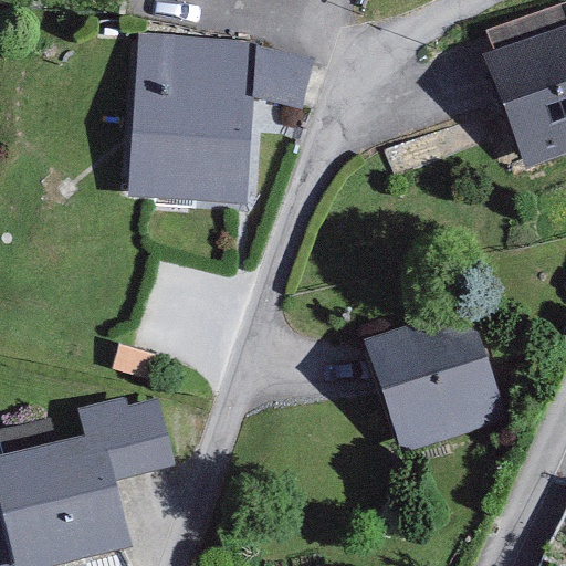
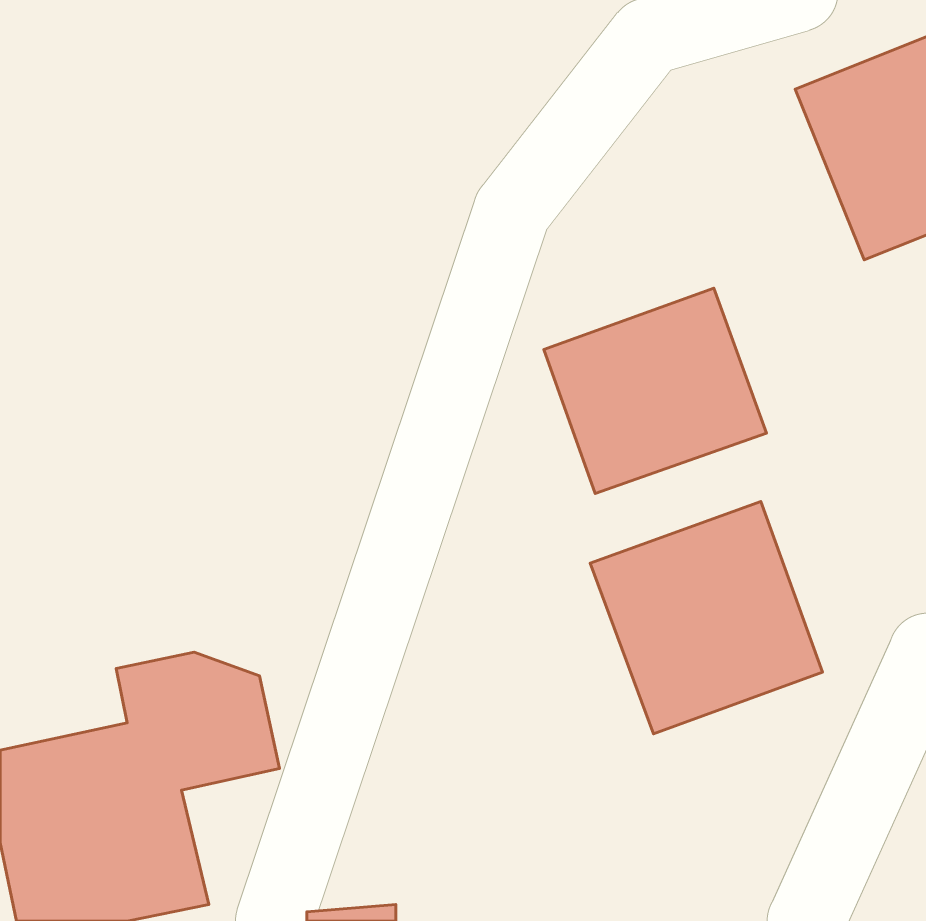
building: [130,34,308,203] -> none
building: none -> [544,288,766,494]

